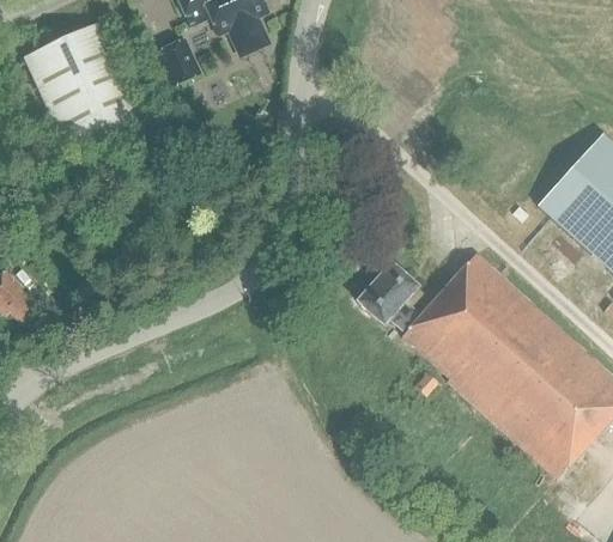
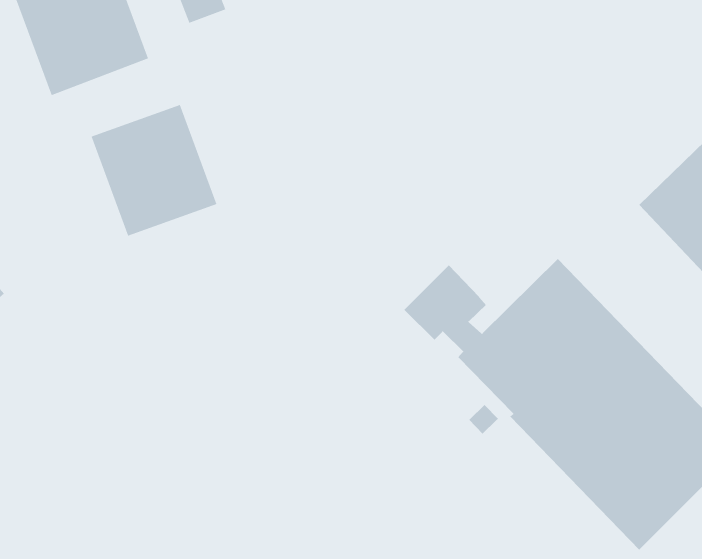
building: none -> [91,104,217,237]

